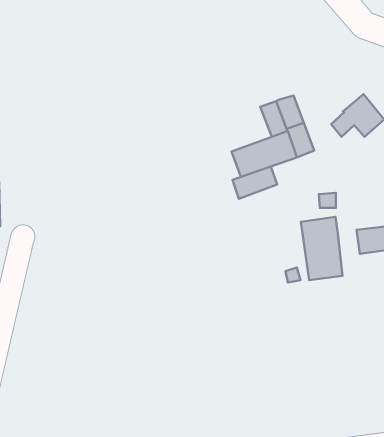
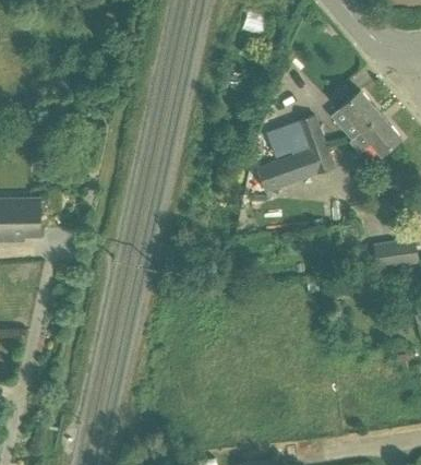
building: none -> [340,91,381,131]
building: [232,166,277,199] -> none
building: [301,217,343,280] -> none

